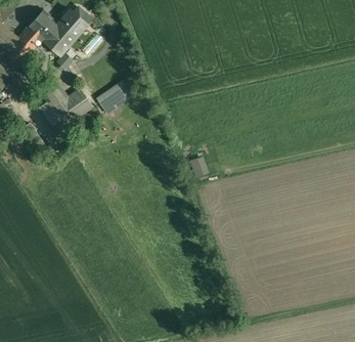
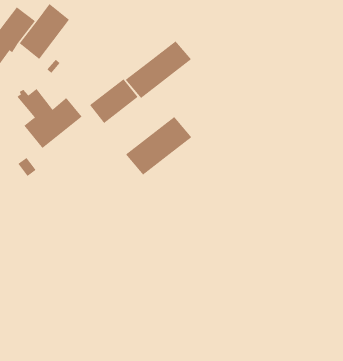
building: none -> [125,40,192,99]
building: none -> [125,116,192,176]

